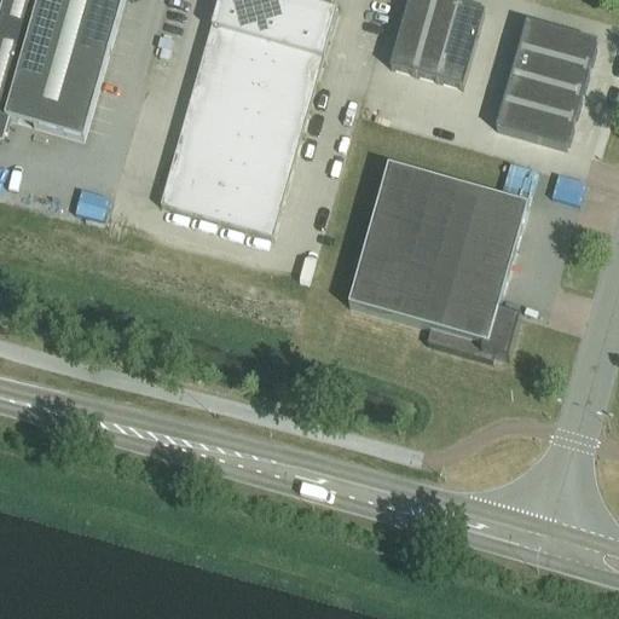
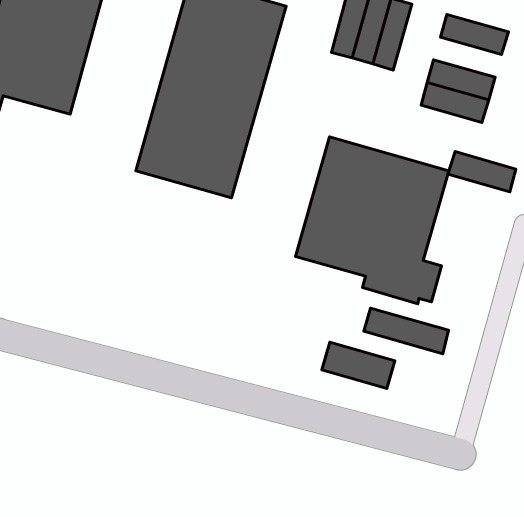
building: [509,44,589,91] -> [448,152,516,192]
building: none -> [364,308,449,354]
building: none -> [322,342,395,388]

